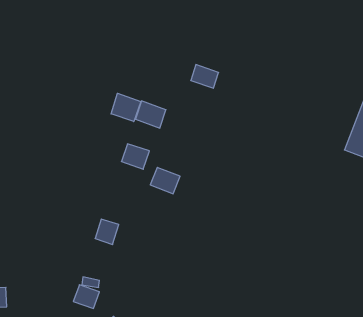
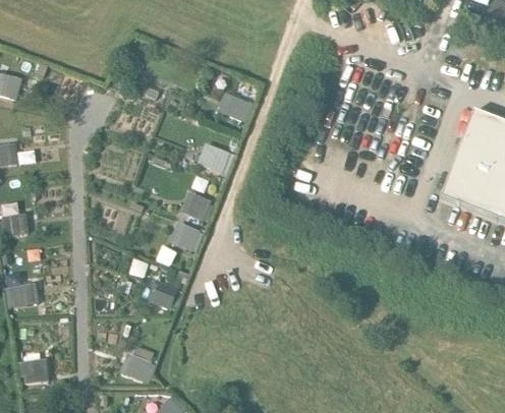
building: [191,65,219,88] -> [217,93,249,120]
building: [111,93,141,122] -> none
building: [150,167,180,194] -> [168,221,203,251]

